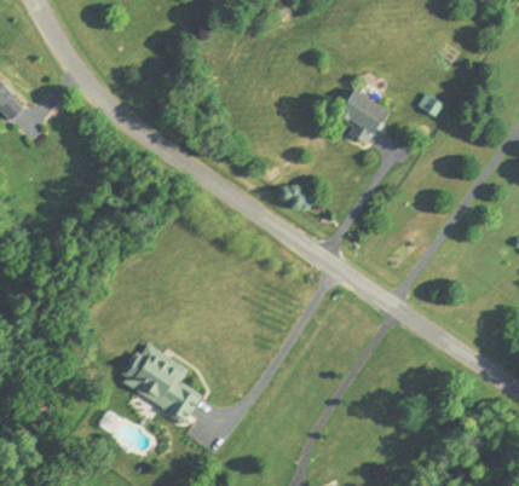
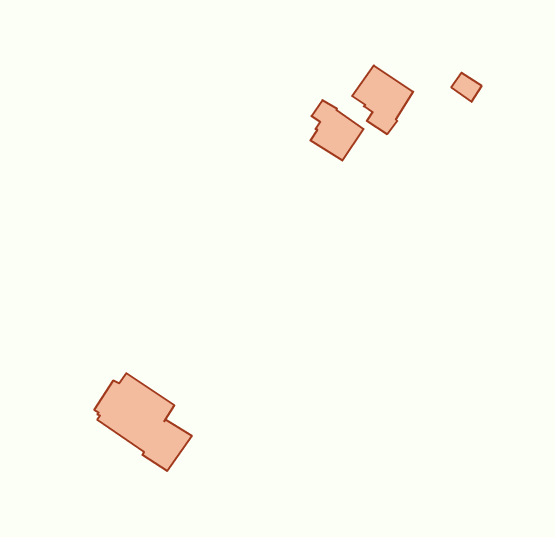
building: none -> [310,100,364,161]

